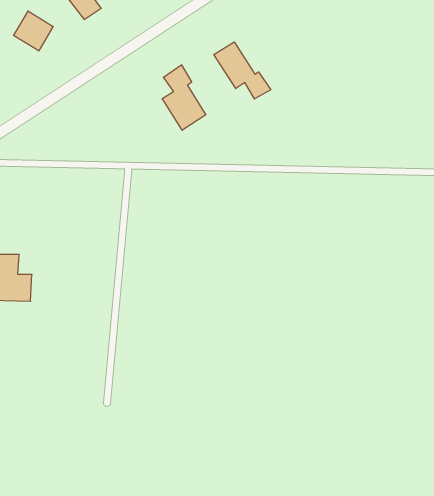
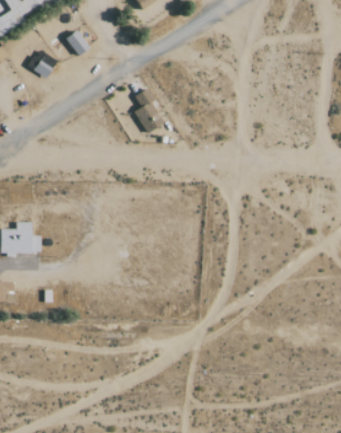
building: [214,42,271,99] -> none

